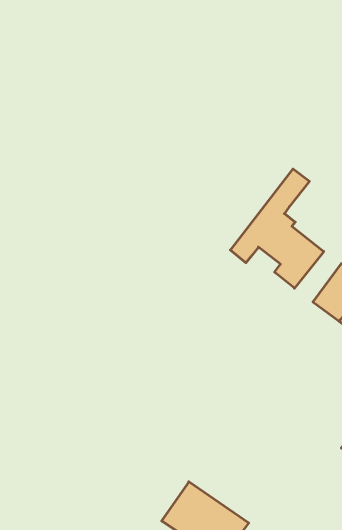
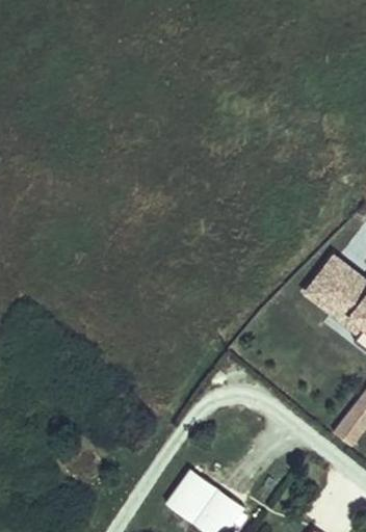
building: [230,169,324,288] -> none

